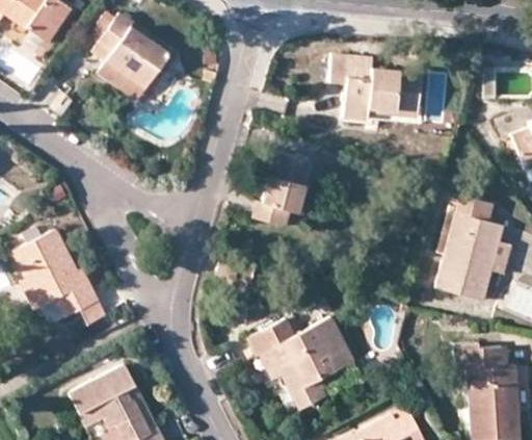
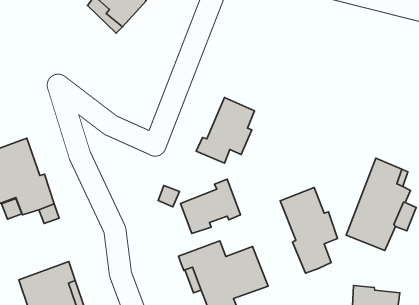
building: [330,56,421,122] -> none
building: none -> [280,188,338,273]
building: none -> [180,179,241,233]

